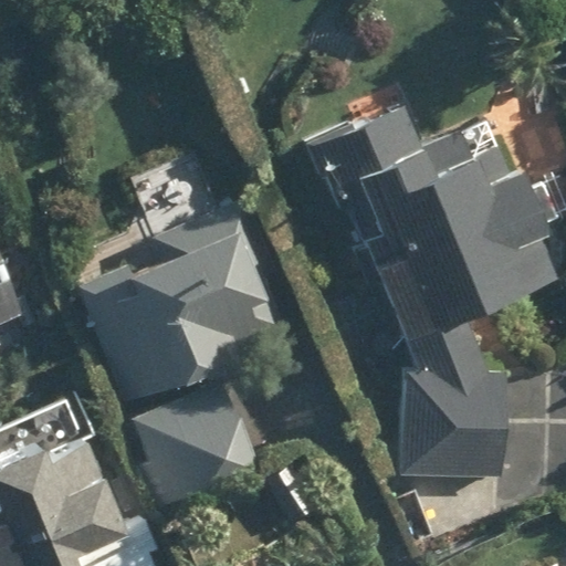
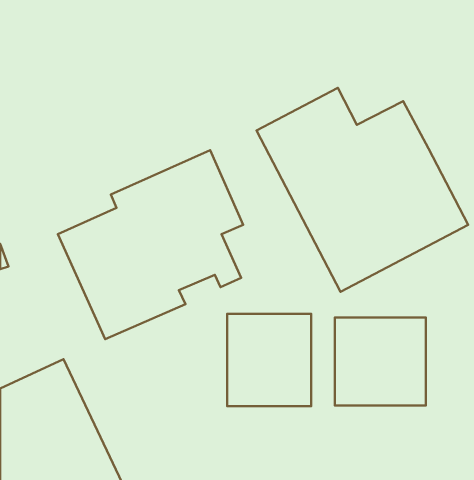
building: none -> [227,314,311,406]
building: [128,381,262,523] -> none

